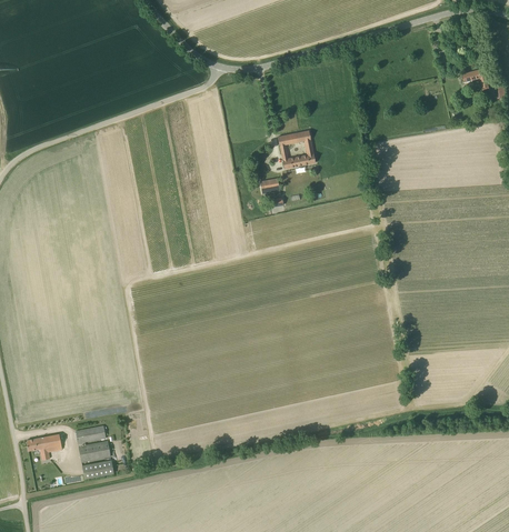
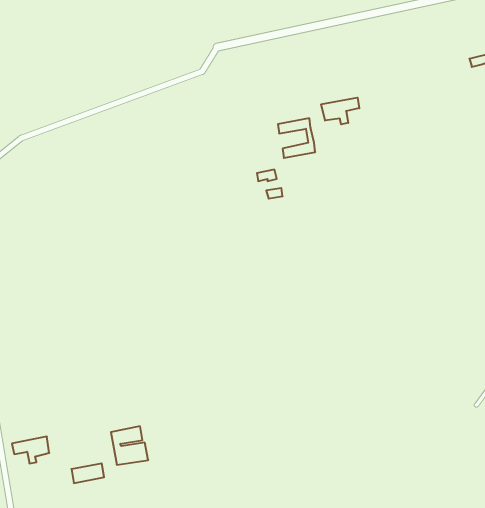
building: none -> [321,98,359,124]
building: [76,425,111,462] -> [111,426,148,465]

